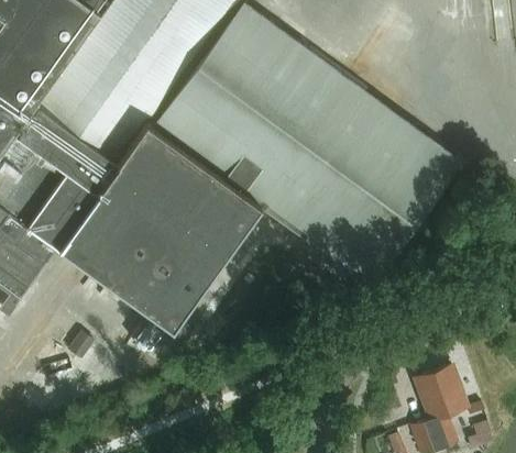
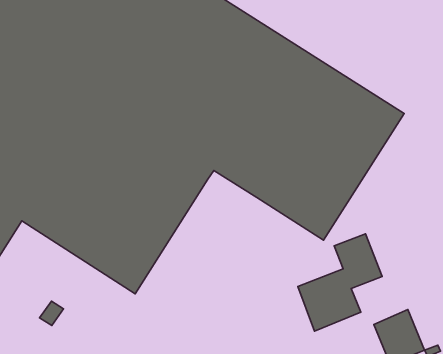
building: none -> [298,234,382,331]

